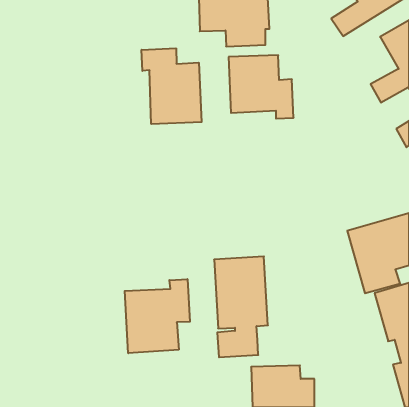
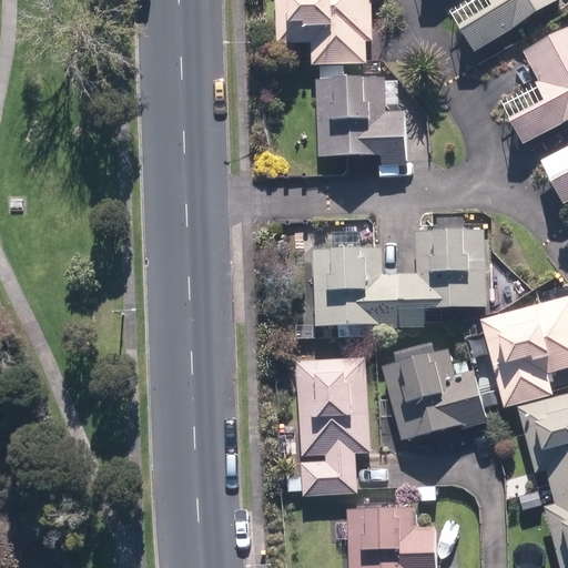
building: [142,48,202,124] -> none
building: none -> [313,230,486,327]
building: none -> [383,348,486,438]
building: [125,279,190,353] -> none

